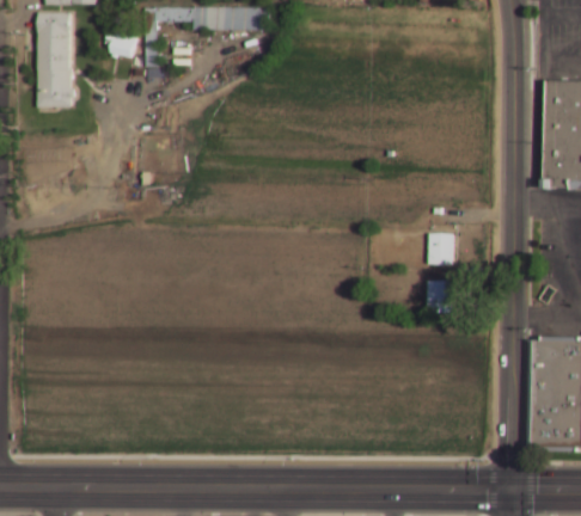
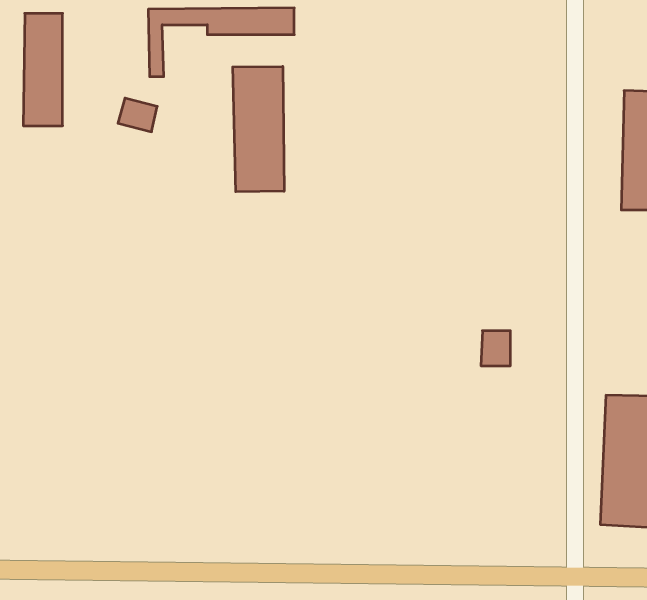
building: [103,29,136,57] -> [118,98,157,132]
building: none -> [233,66,284,192]
building: [429,234,454,264] -> none

